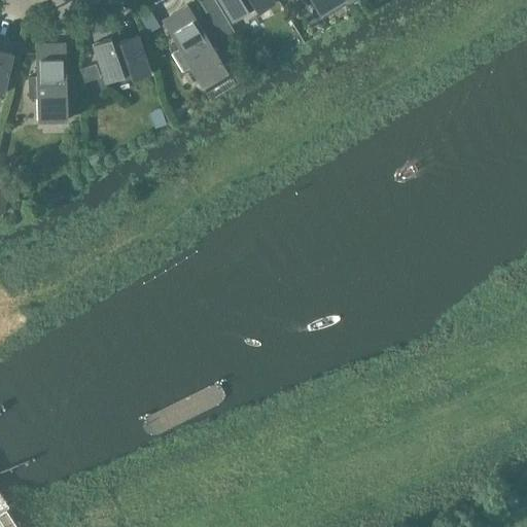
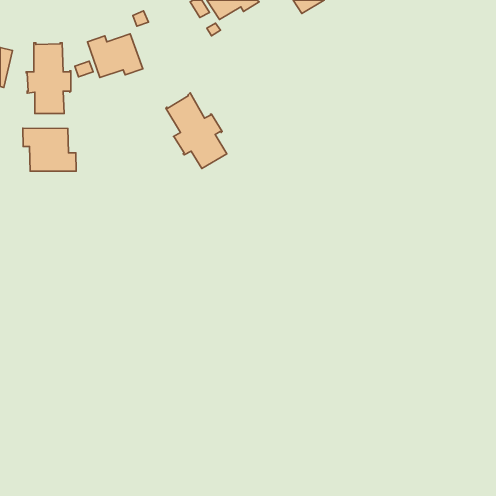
building: [164,6,229,86] -> [166,93,227,168]
building: none -> [23,128,76,171]

